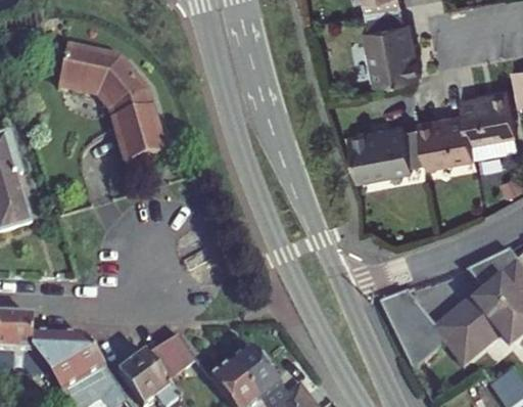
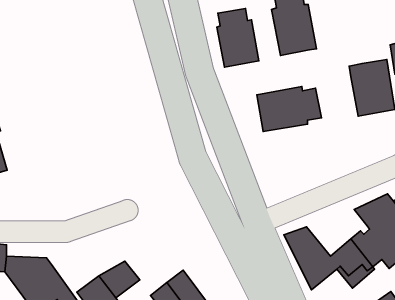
building: none -> [217,9,259,67]
building: [49,37,174,162] -> none
building: [416,107,470,165] -> none

